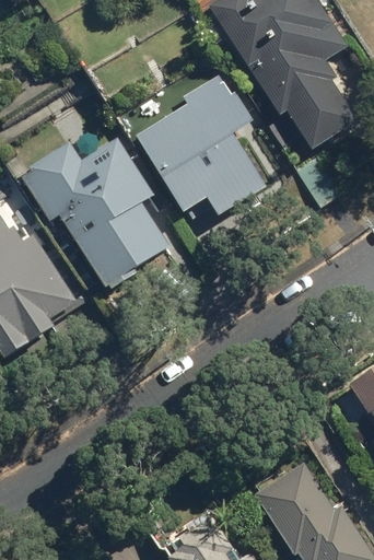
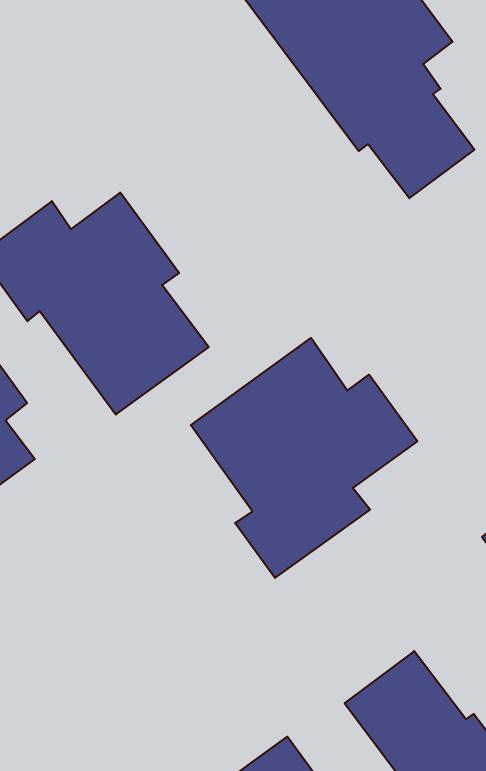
building: [131,91,254,214] -> none
building: none -> [191,338,417,578]

